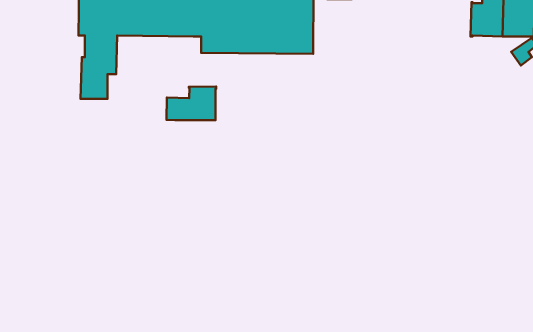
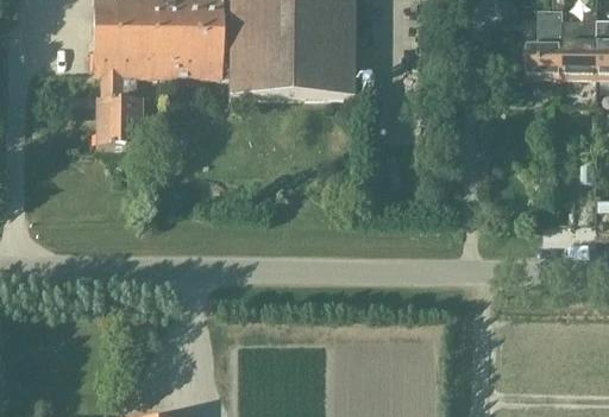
building: [166,87,216,120] -> none

